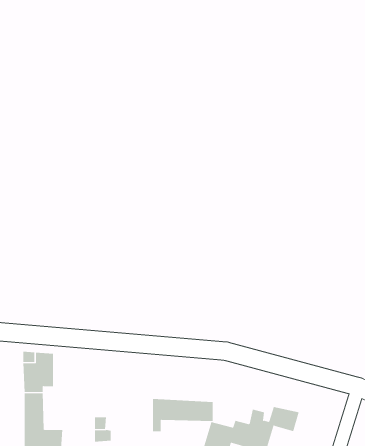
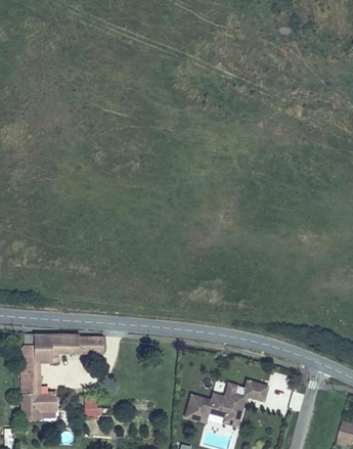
building: [152,398,213,432] -> [50,333,104,363]

